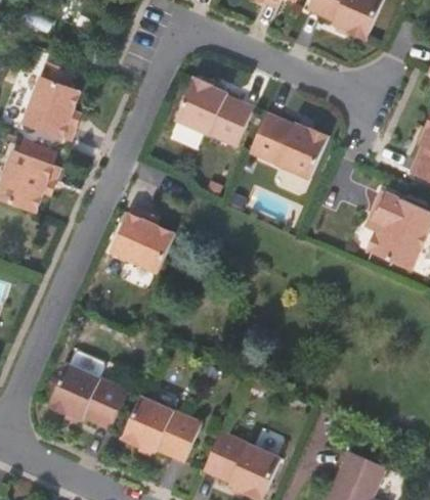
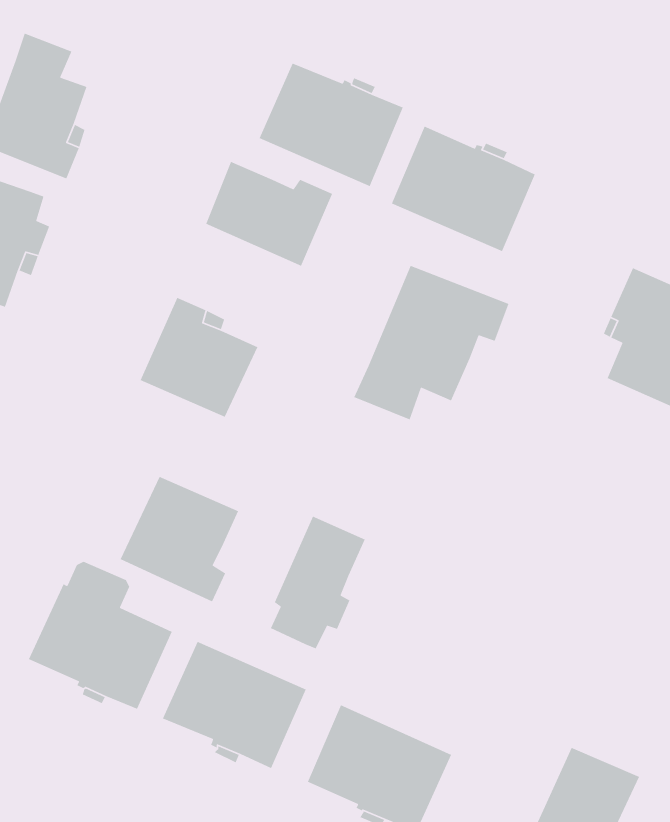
building: none -> [205,161,333,267]
building: none -> [353,265,510,421]
building: none -> [120,476,239,602]
building: none -> [270,515,366,650]

